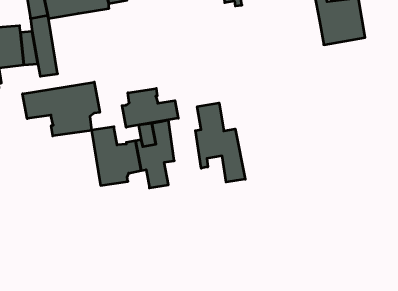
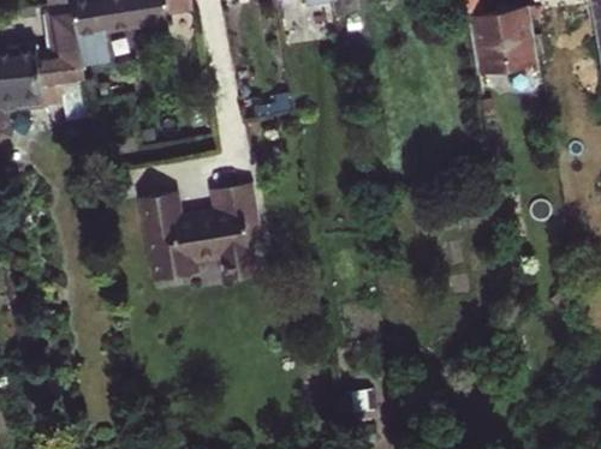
building: [23,82,100,136] -> none
building: [122,88,178,127] -> none
building: [195,103,245,182] -> none

